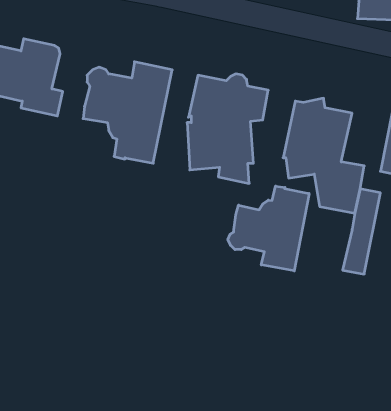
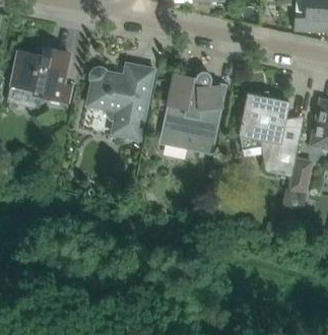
building: [228,186,309,271] -> none

